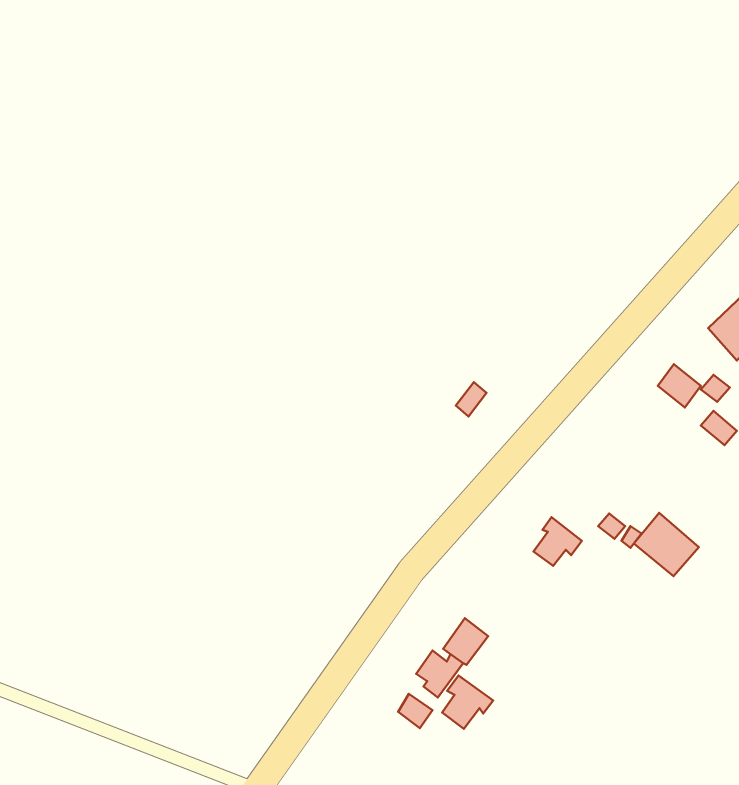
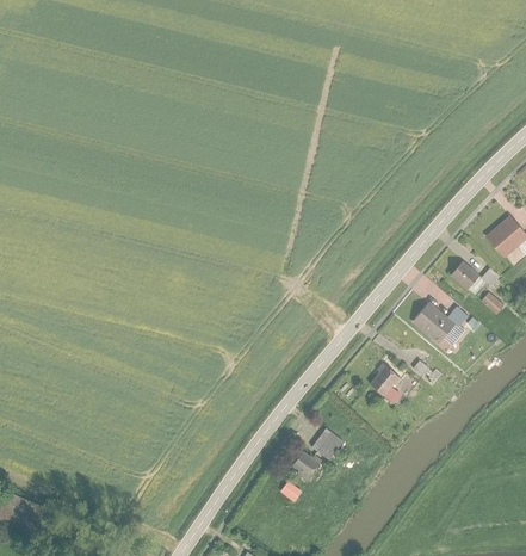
building: [634,513,699,576] -> [410,301,453,342]
building: [442,675,493,729] -> none

